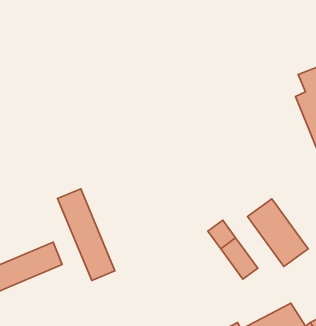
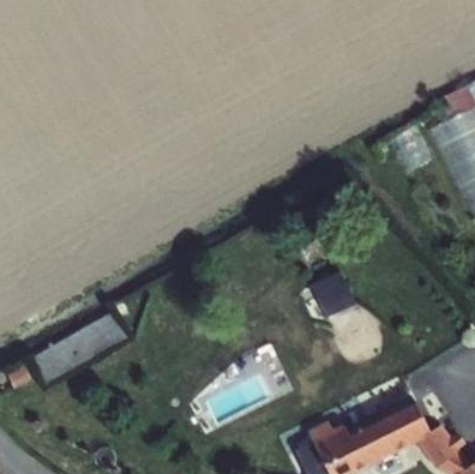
building: [57,189,115,281] -> none
building: [248,199,308,266] -> none

